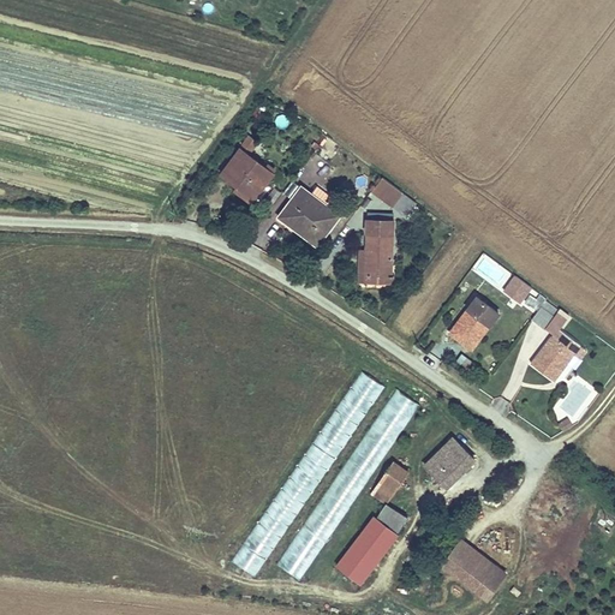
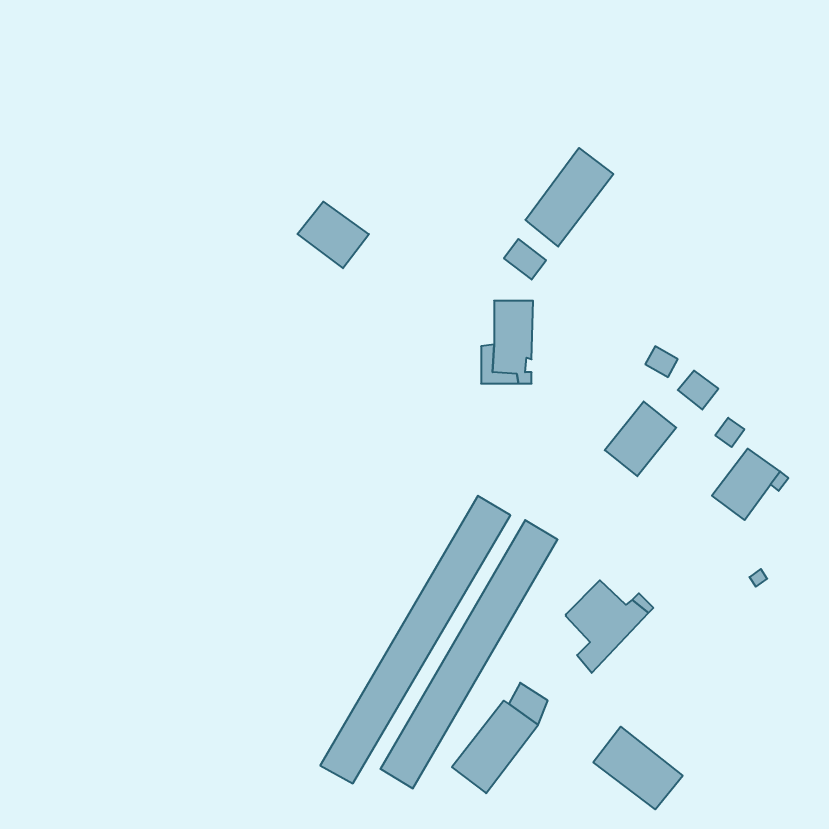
building: none -> [525,148,613,247]
building: [279,186,341,243] -> none
building: [374,462,407,497] -> none

